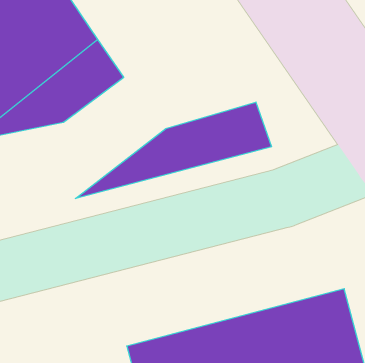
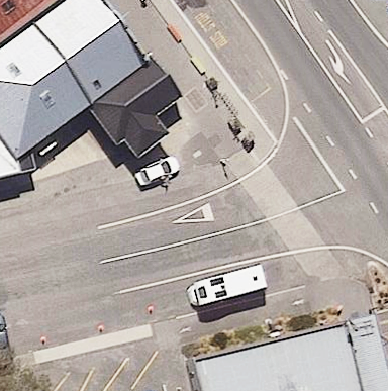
building: [75,102,271,198] -> none

